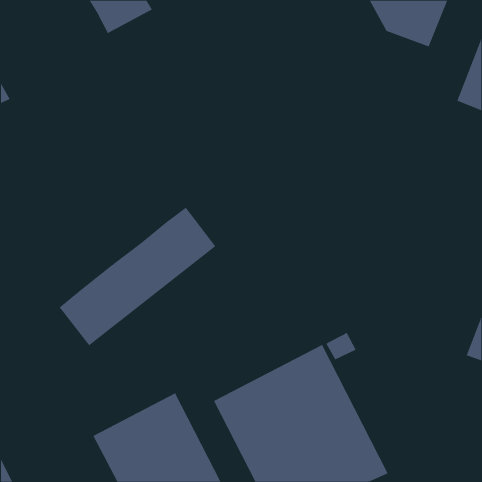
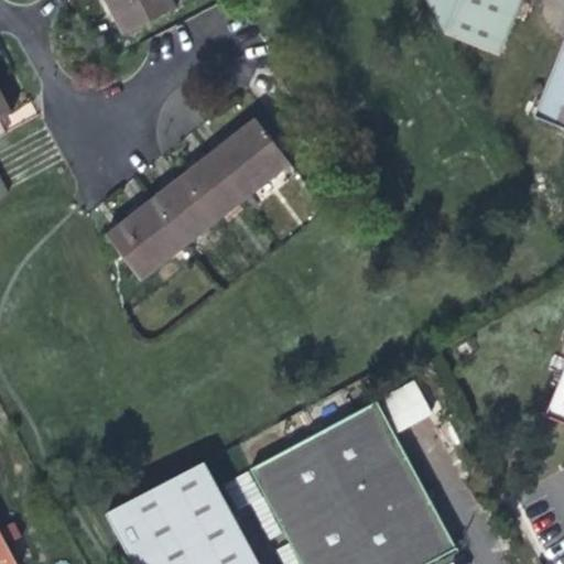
building: [59,207,216,346] -> [107,121,291,284]

